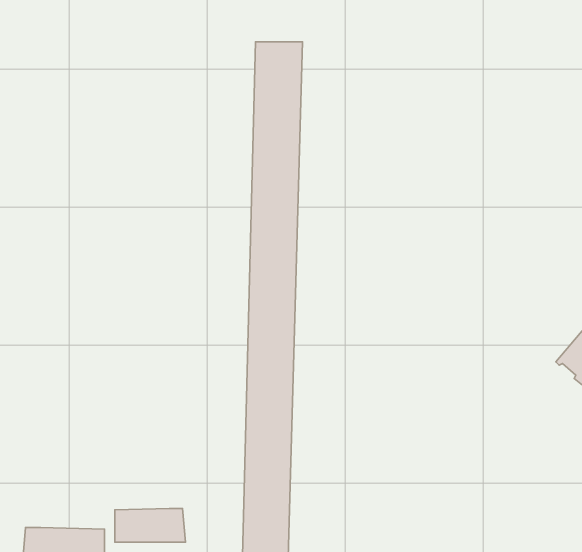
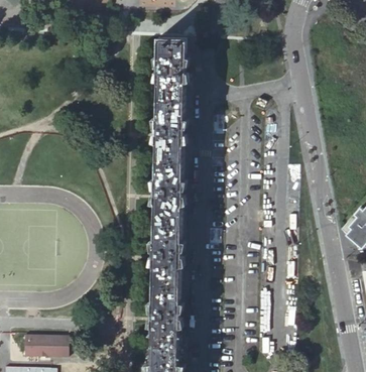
building: [115,509,185,542] -> none

